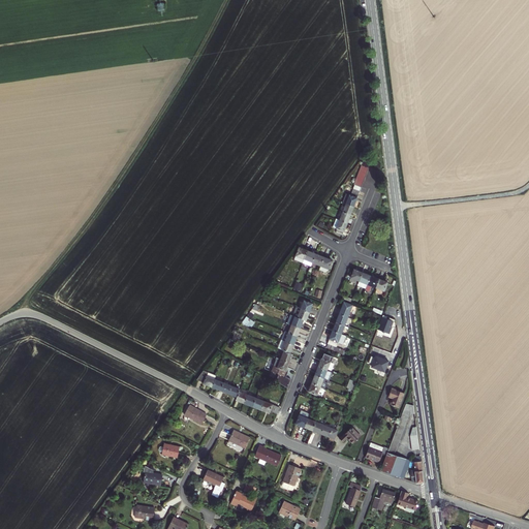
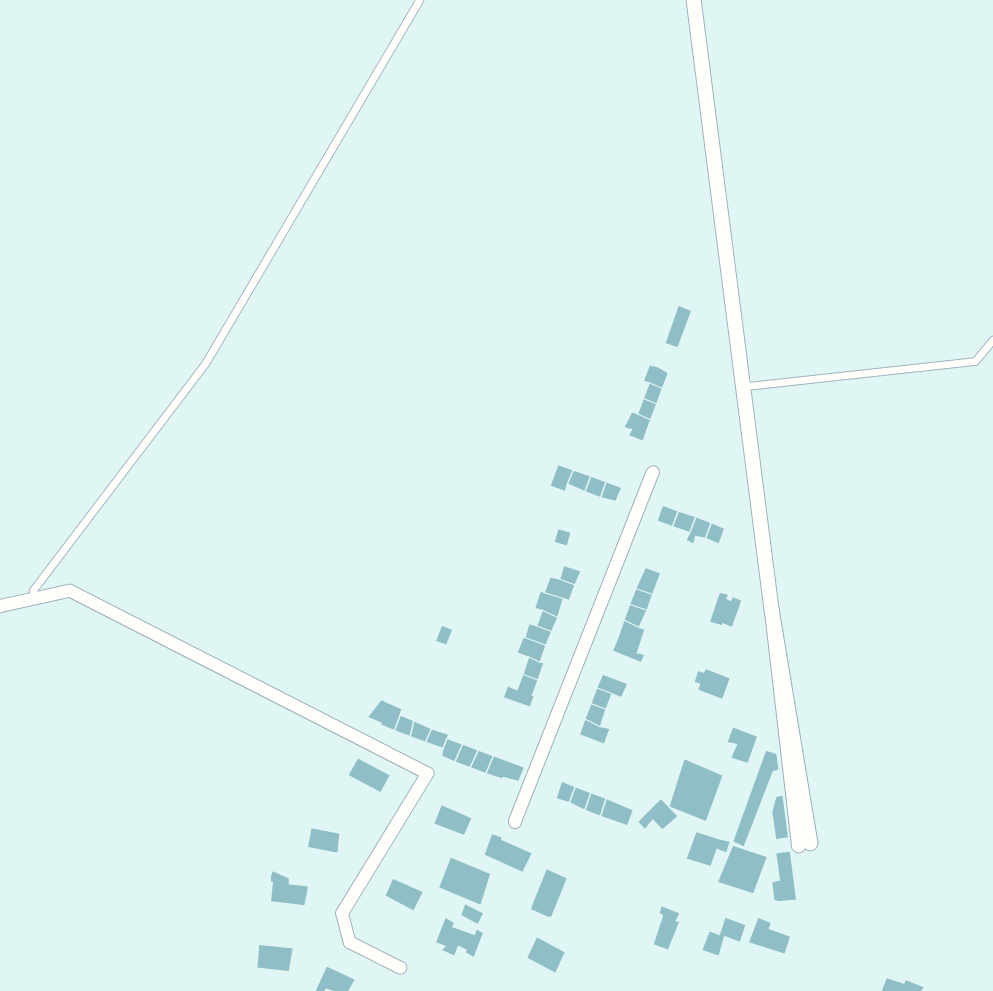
building: none -> [669,759,723,822]
building: none -> [439,857,491,906]

